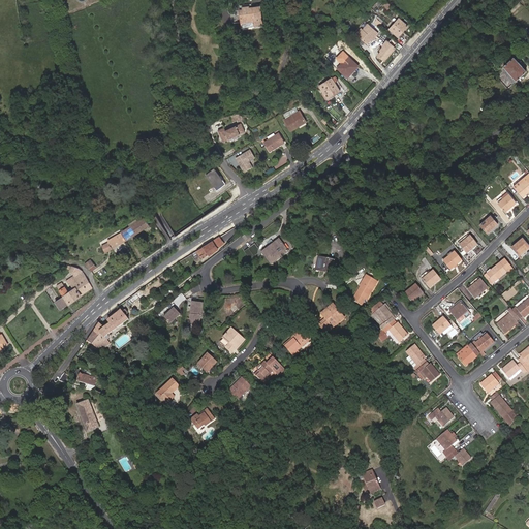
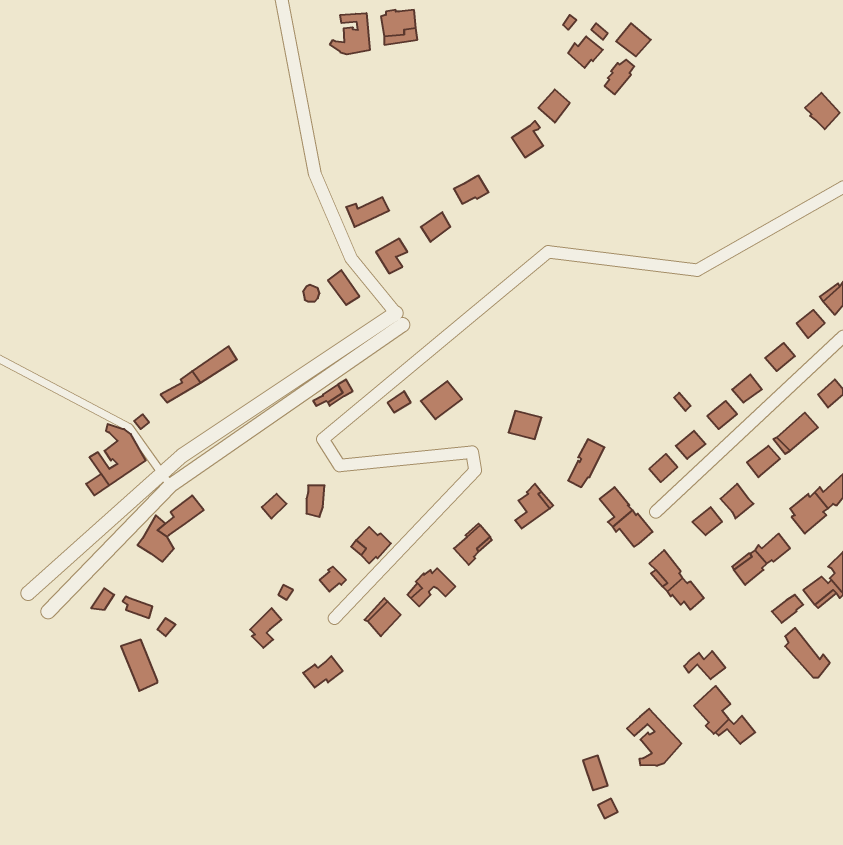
building: none -> [330,13,370,54]
building: none -> [627,709,681,766]

